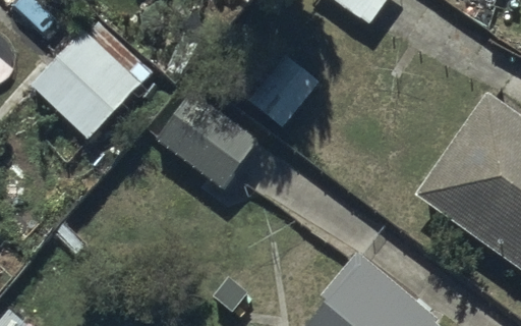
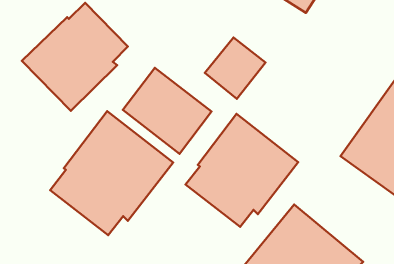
building: none -> [50,111,173,235]
building: none -> [186,114,298,227]

